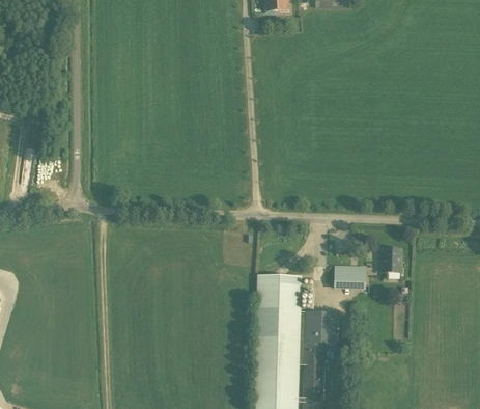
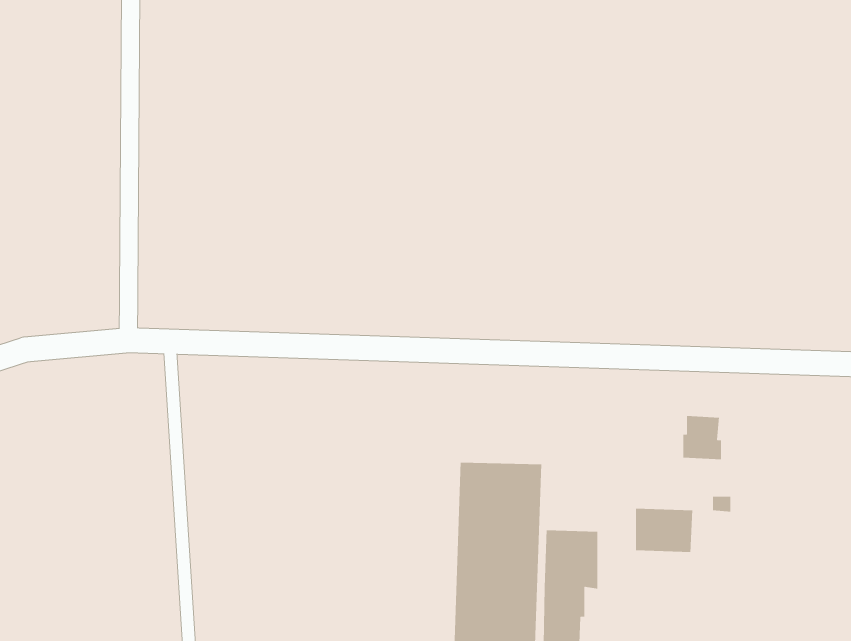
building: [333,265,365,290] -> [635,508,693,553]

